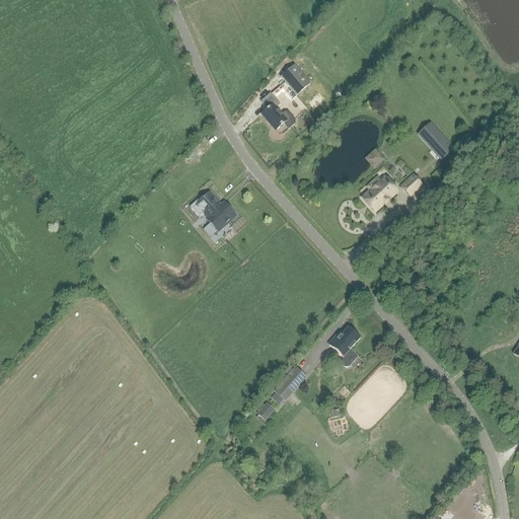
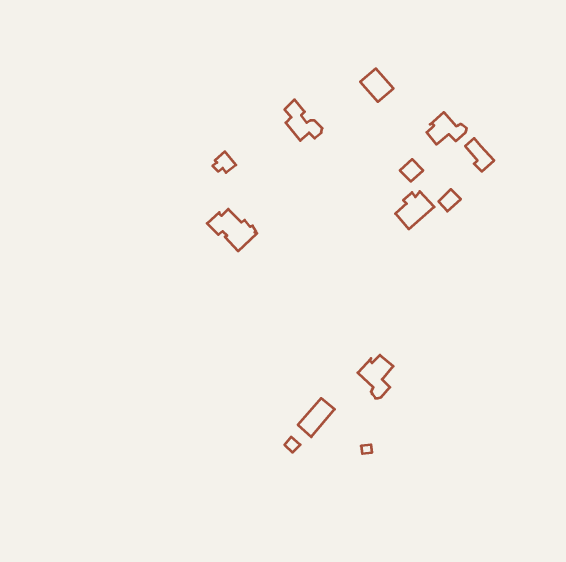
building: [280,63,310,93] -> [360,69,393,102]
building: none -> [427,112,466,144]

